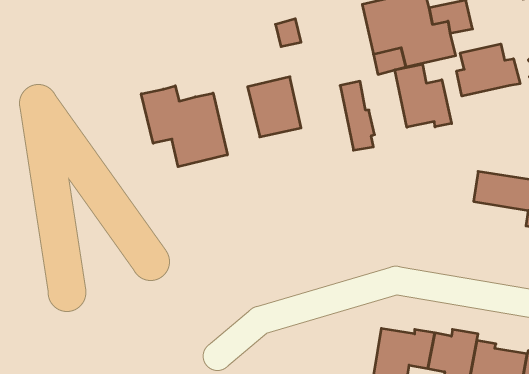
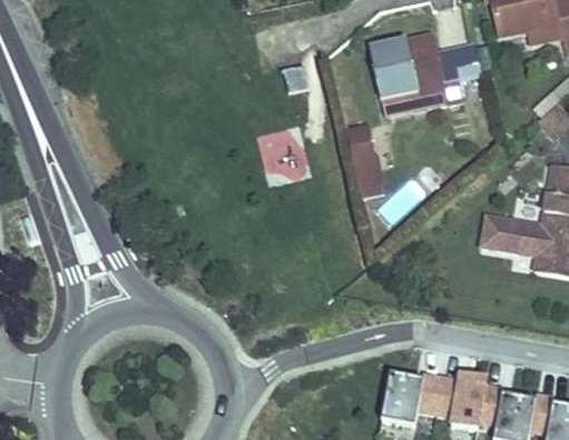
building: [457,44,520,96] -> none
building: [395,64,452,127] -> none
building: [141,86,227,167] -> none

